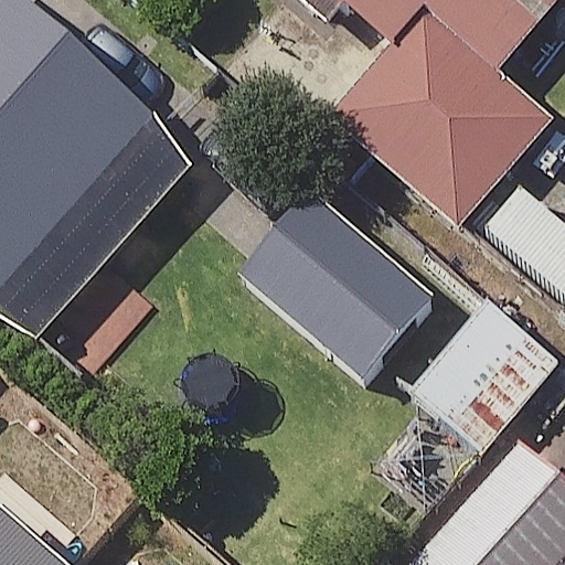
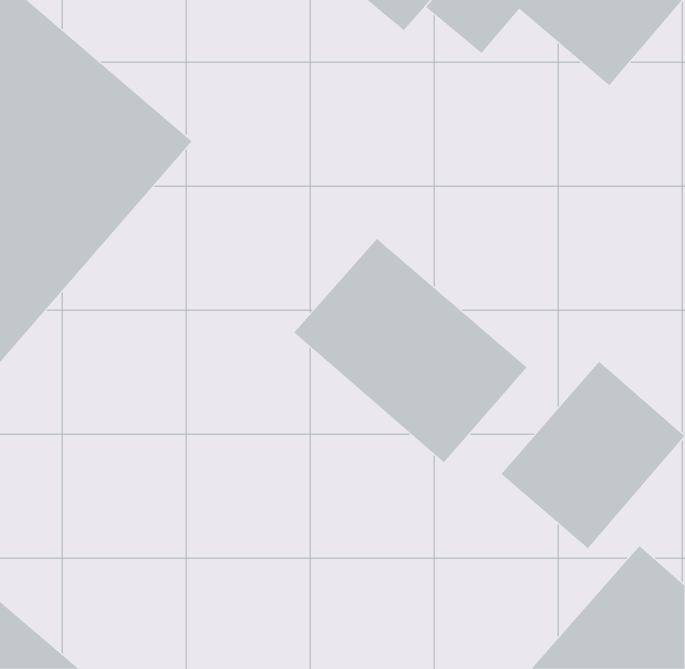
building: [332,8,556,227] -> none

